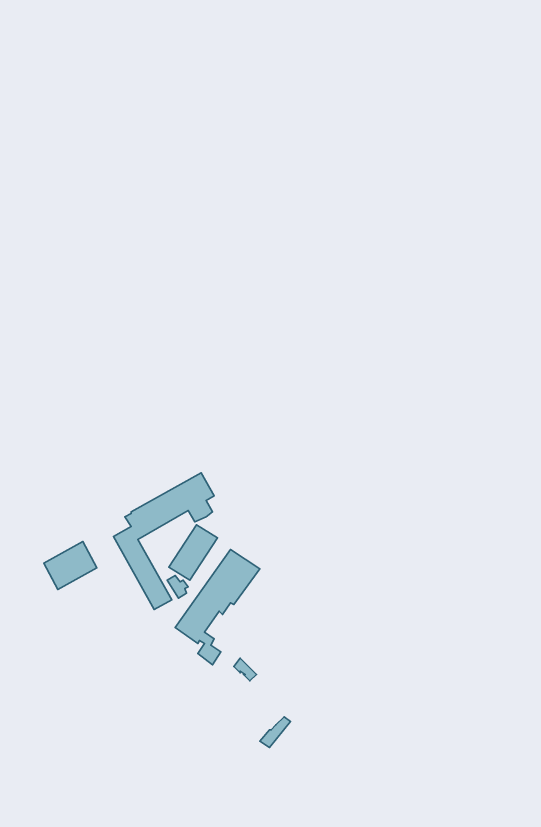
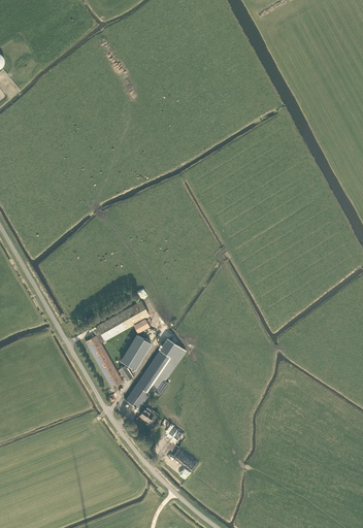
building: [44,542,97,590] -> none

